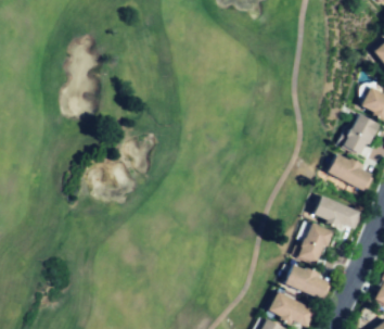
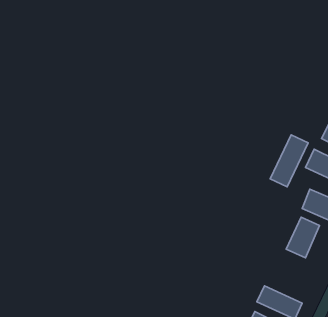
building: none -> [270,135,308,187]
building: [291,265,334,298] -> none

